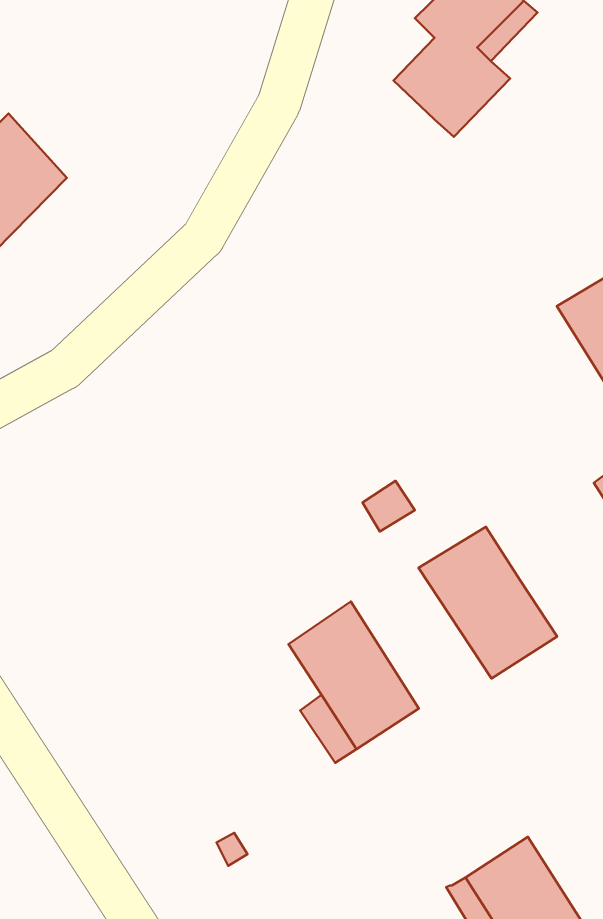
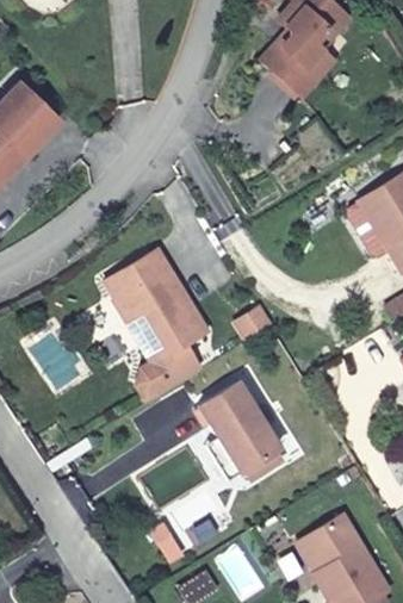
building: none -> [105,253,205,399]
building: [419,527,557,678] -> none

